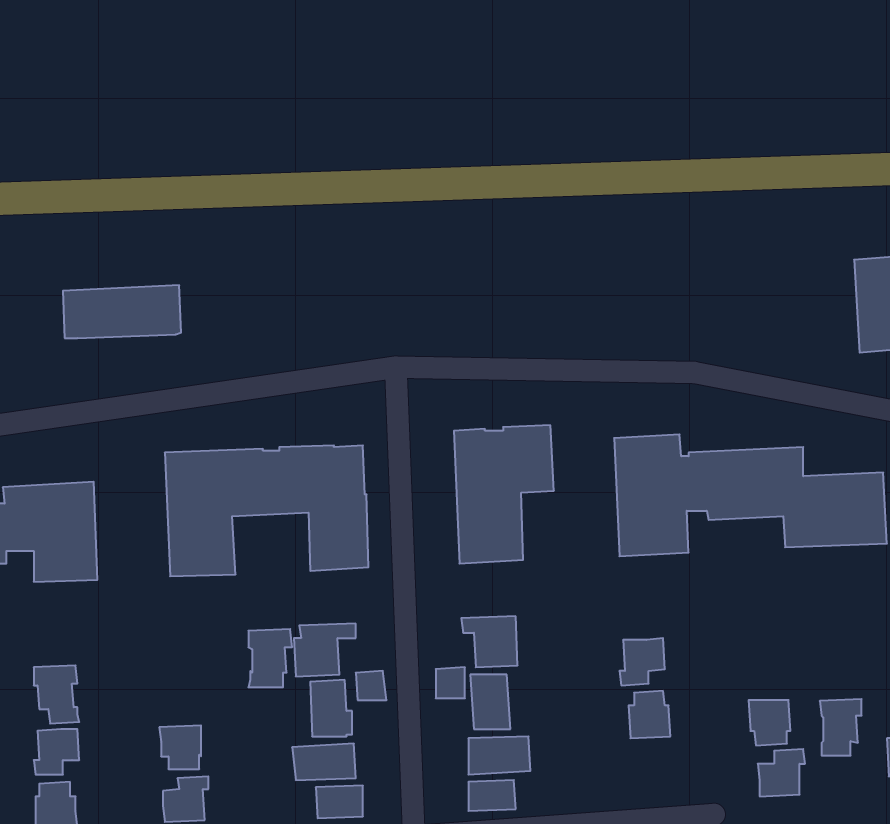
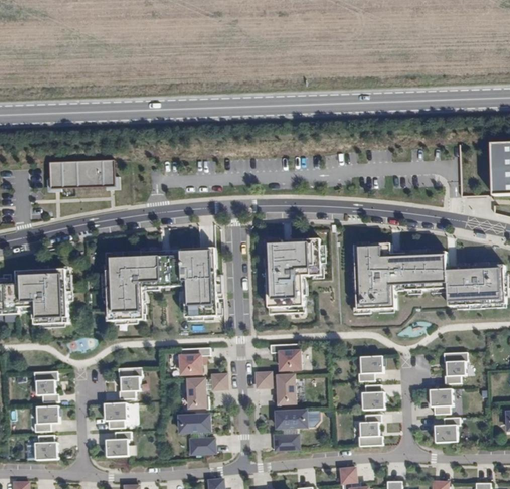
building: [248,629,292,687] -> [118,367,142,399]
building: [820,699,862,756] -> [444,352,467,383]
building: none -> [358,413,382,445]

